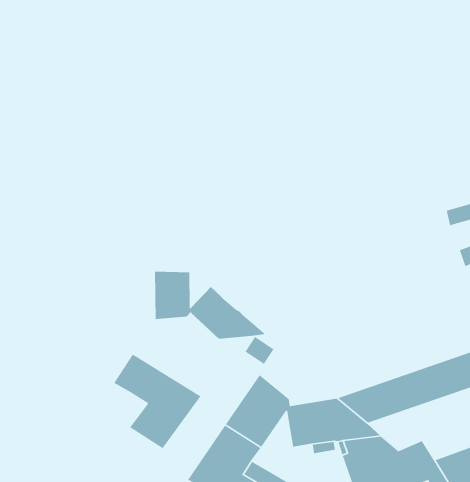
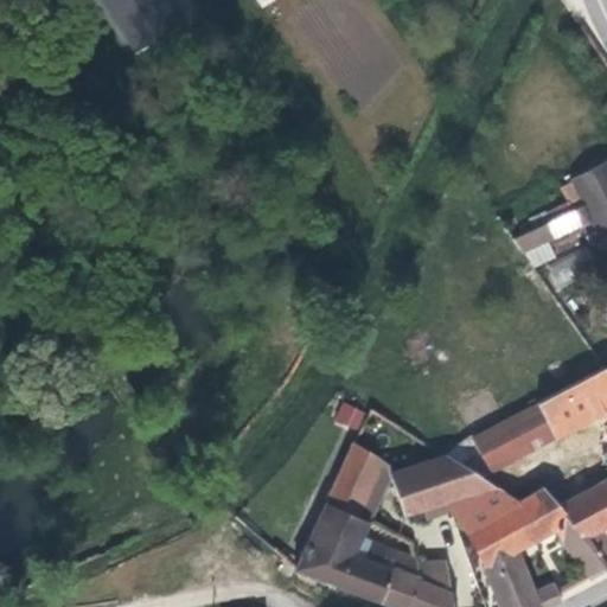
building: [154,271,266,339] -> none
building: [113,353,201,449] -> none

